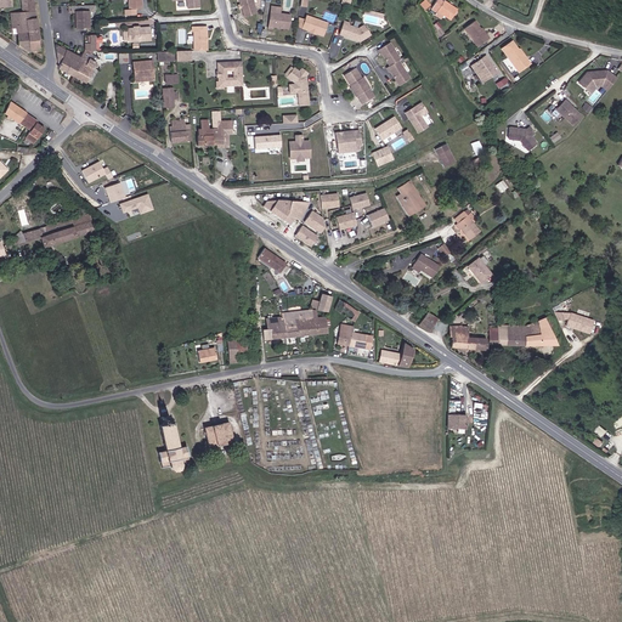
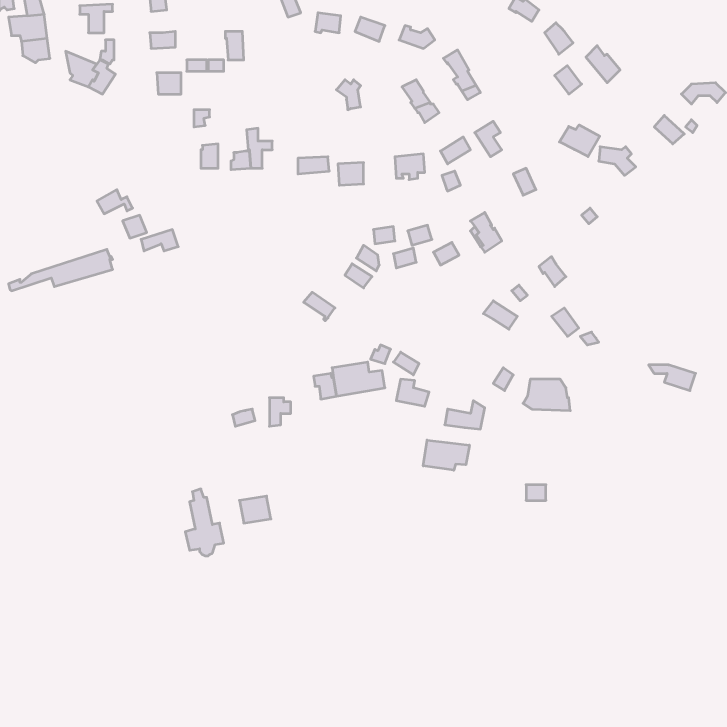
building: [217,61,242,85] -> none
building: [5,101,47,145] -> none
building: none -> [559,125,600,157]
building: [261,199,310,225] -> none
building: [488,317,558,346] -> none
building: none -> [423,440,469,470]

